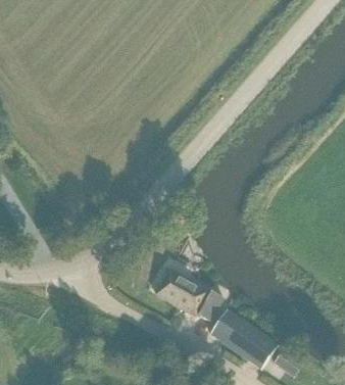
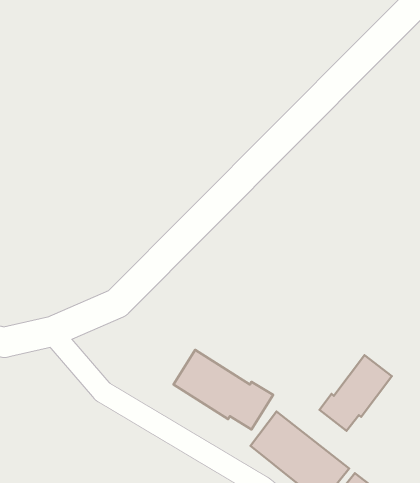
building: none -> [319,355,392,431]

